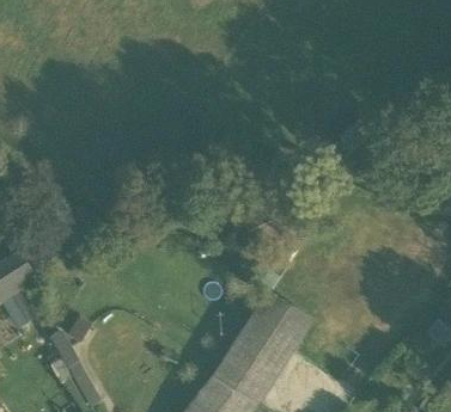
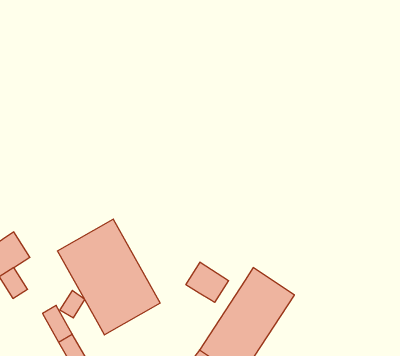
building: none -> [57,219,160,335]
building: none -> [186,262,229,302]

